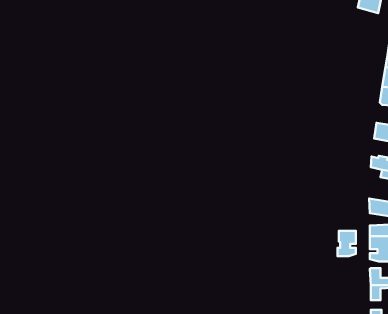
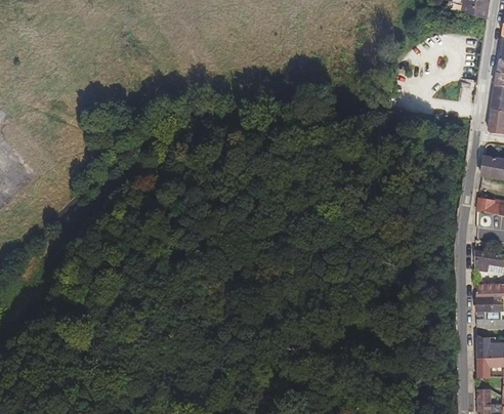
building: [338,231,356,256] -> none

